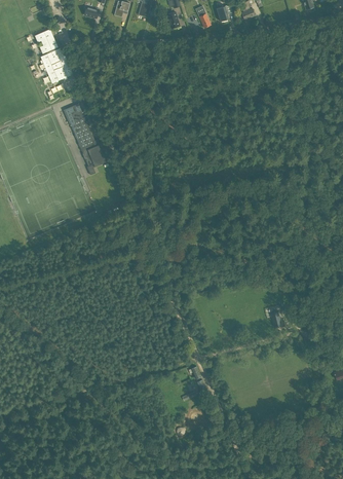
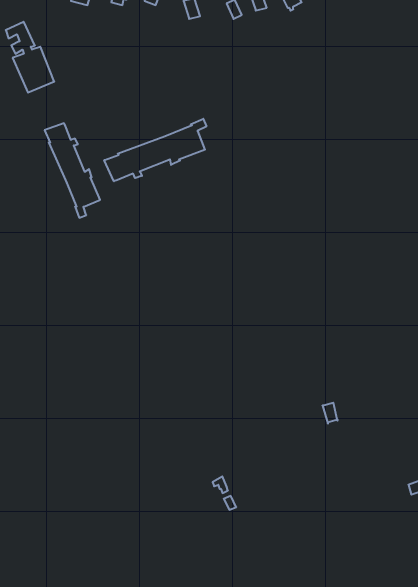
building: none -> [104,119,206,181]

